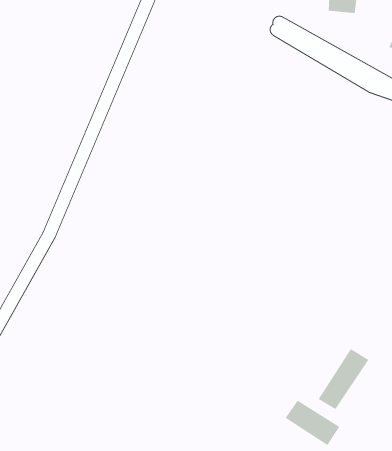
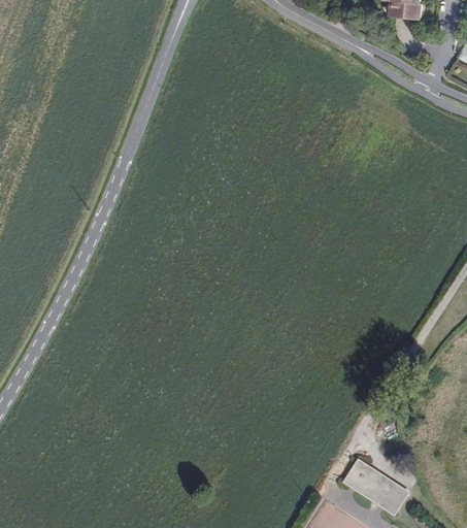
building: [318,348,369,410] -> none

